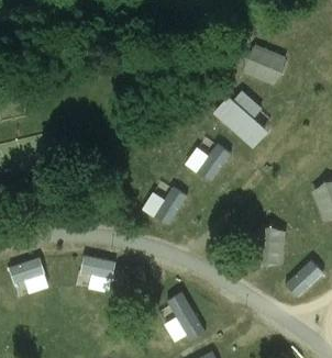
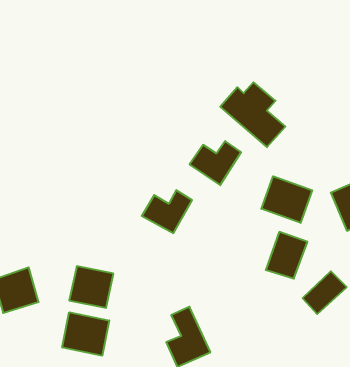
building: [240,43,287,86] -> none
building: none -> [261,176,312,223]
building: none -> [62,312,109,356]

